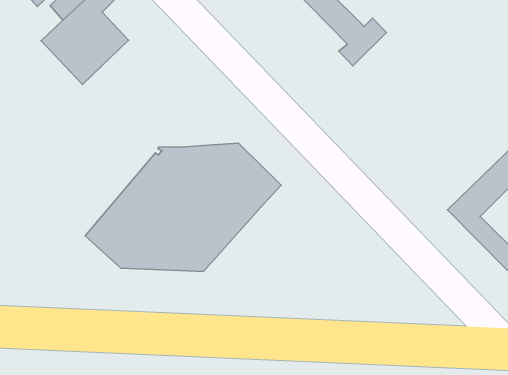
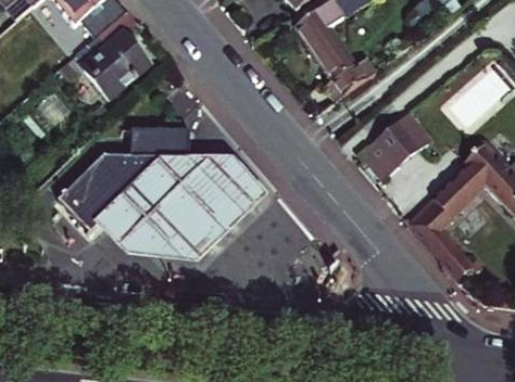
building: none -> [361,107,431,176]
building: none -> [61,124,192,233]

